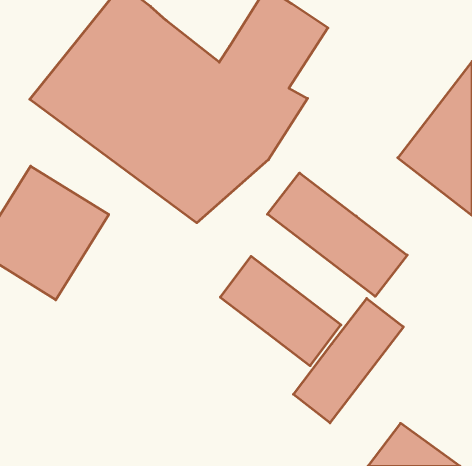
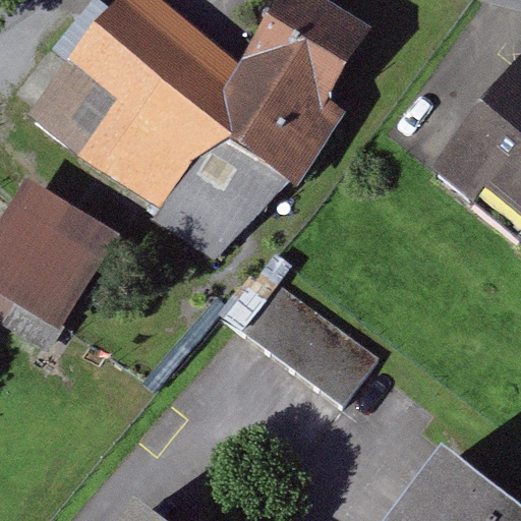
building: [267,173,407,296] -> none
building: [293,298,403,423] -> none

